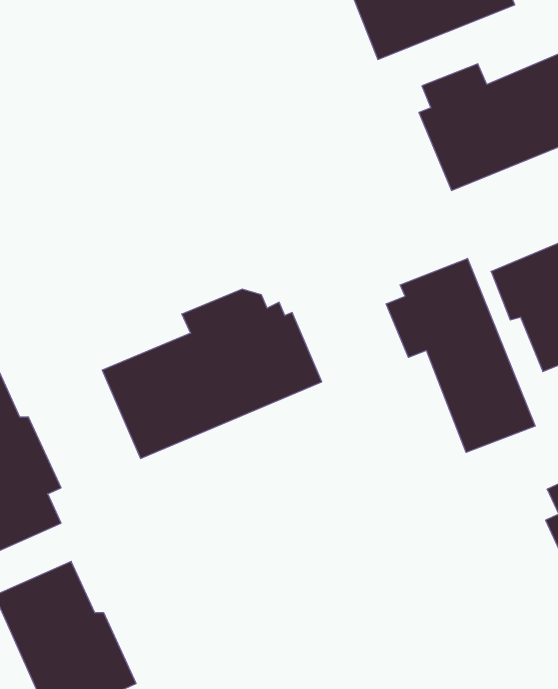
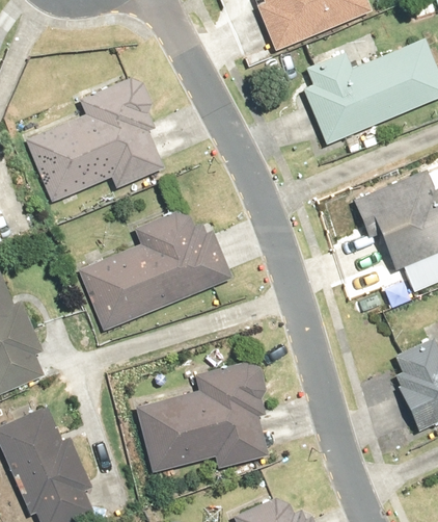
building: none -> [25,78,163,202]
building: [386,258,535,452] -> none
building: none -> [137,360,269,471]

